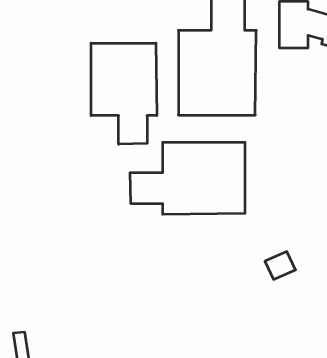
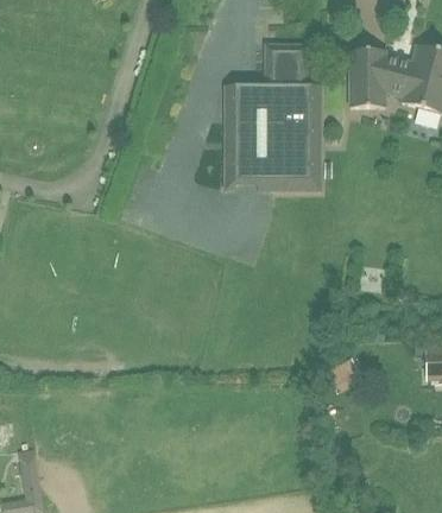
building: [91,43,157,144] -> none
building: [130,142,245,214] -> none

